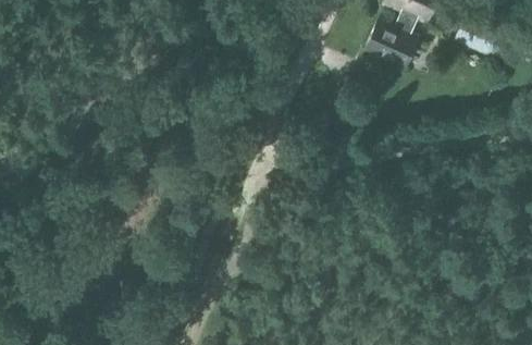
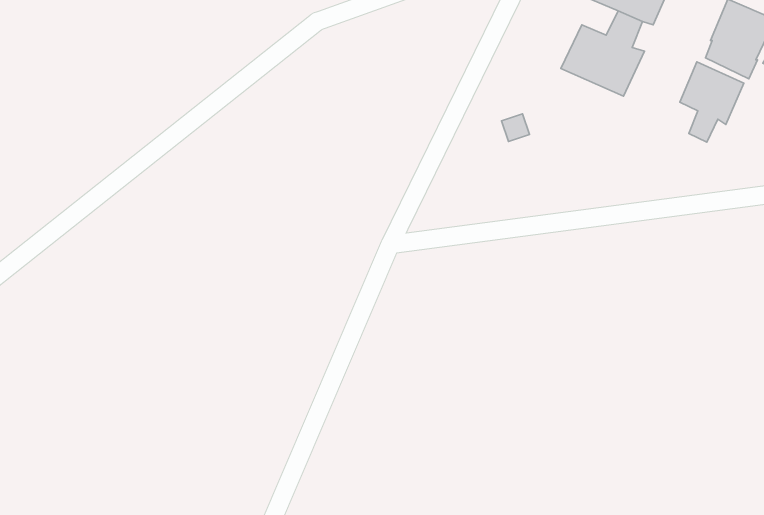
building: none -> [680,62,744,142]

